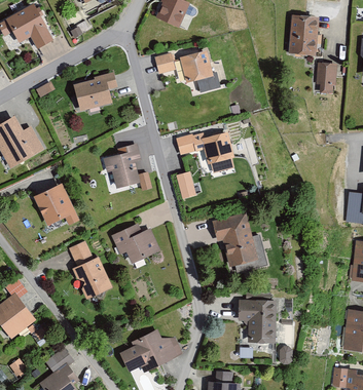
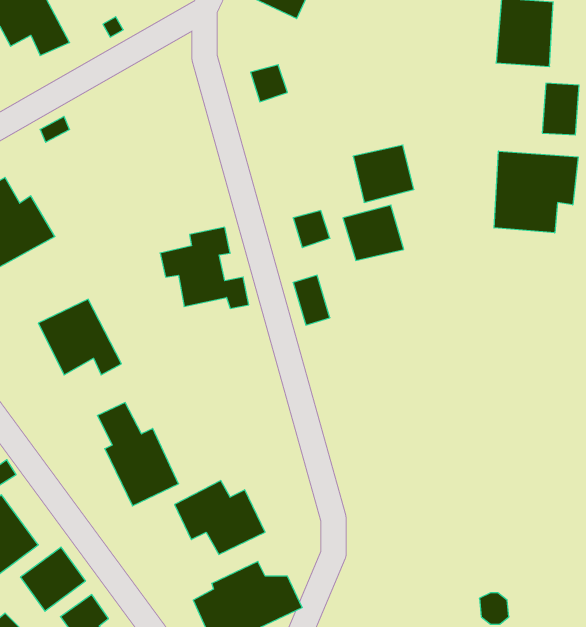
building: [180,51,214,83] -> [353,145,414,202]
building: [73,72,115,111] -> none
building: none -> [494,151,578,233]
building: [213,212,258,265] -> none
building: [110,222,160,263] -> [175,481,265,554]
building: [241,300,279,342] -> none
building: none -> [21,547,85,611]

